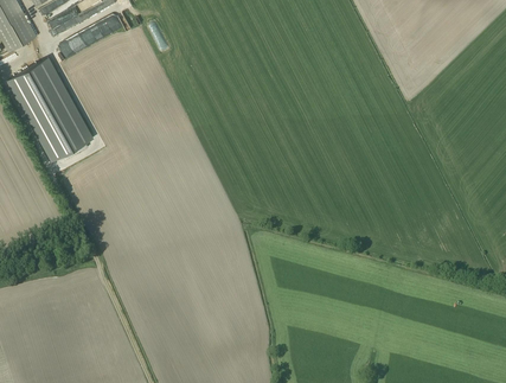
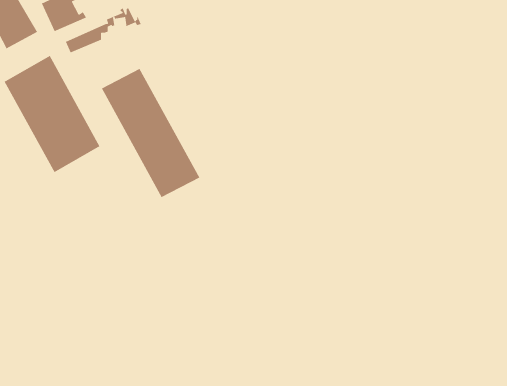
building: none -> [101,68,200,198]

